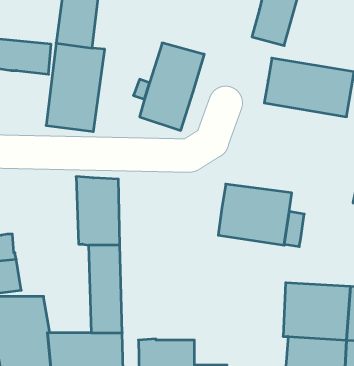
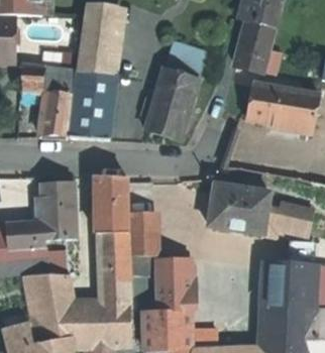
building: none -> [165,44,204,79]
building: none -> [41,92,72,137]
building: none -> [41,182,76,239]
building: none -> [276,202,312,231]
building: none -> [130,212,156,254]
building: none -> [157,259,190,310]

